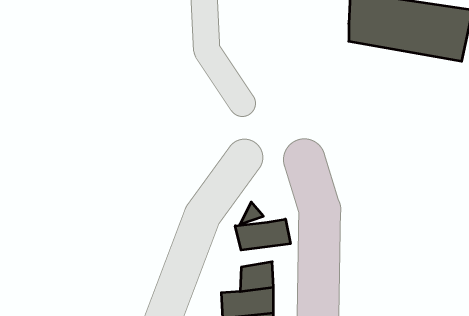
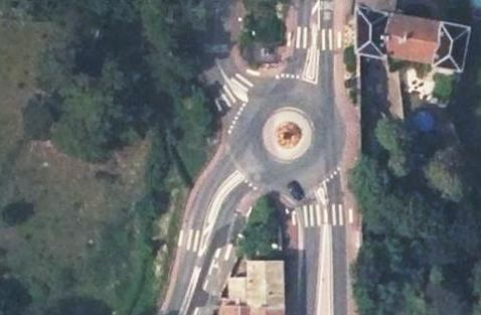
building: [235,219,290,250] -> none

